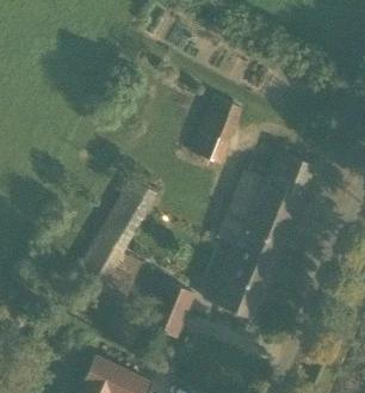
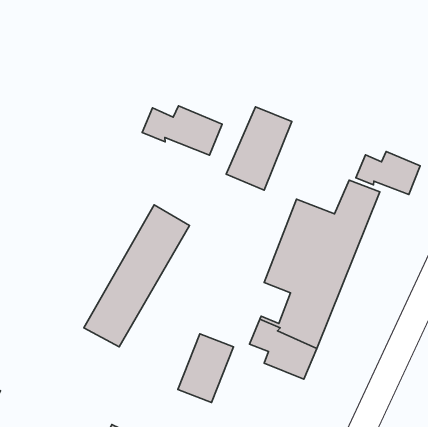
building: none -> [142,106,222,155]
building: none -> [356,151,420,195]

